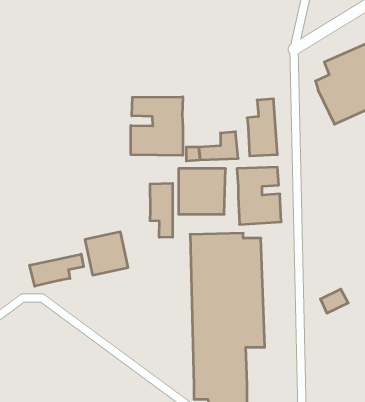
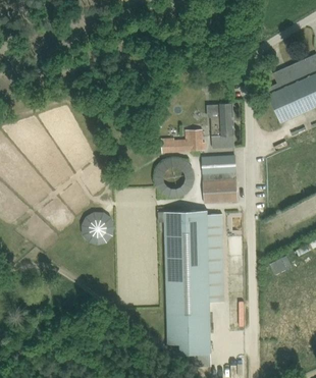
building: [131,97,183,155] -> none
building: [150,183,173,237] -> none
building: [30,254,84,286] -> none

